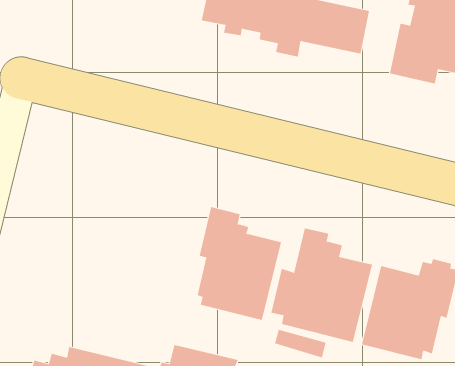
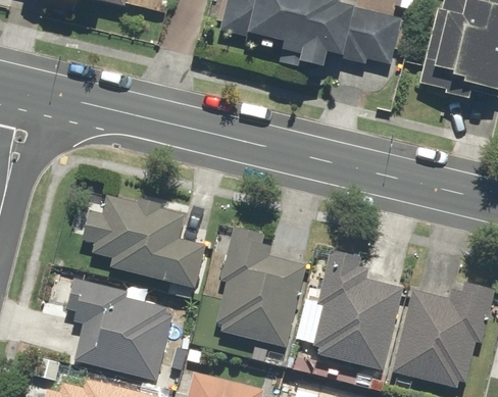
building: none -> [79,195,206,287]
building: none -> [65,277,172,380]

